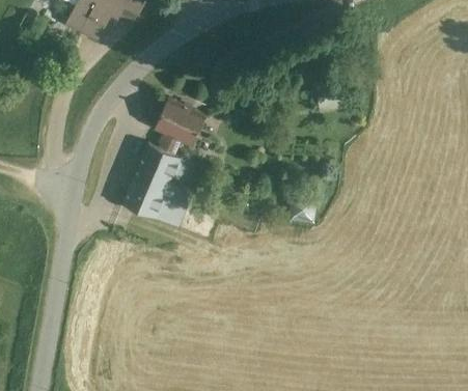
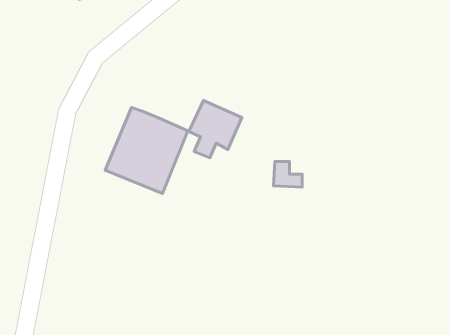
building: [154,99,205,155] -> [189,101,242,158]

